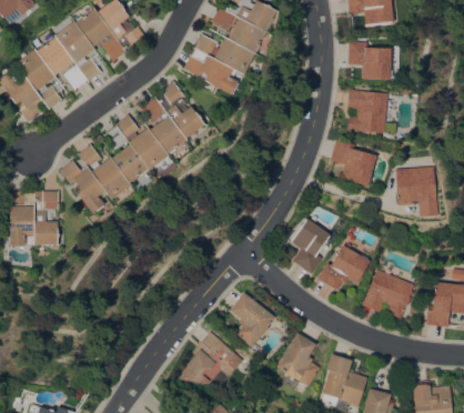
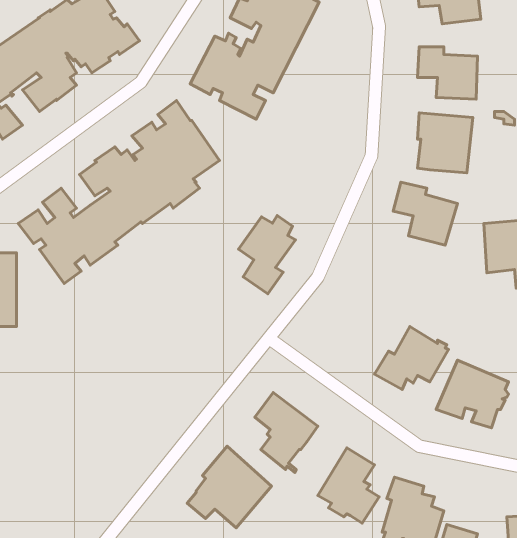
building: [290,216,331,273] -> [239,215,295,294]

